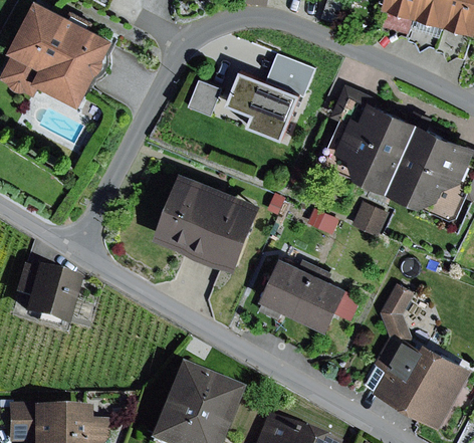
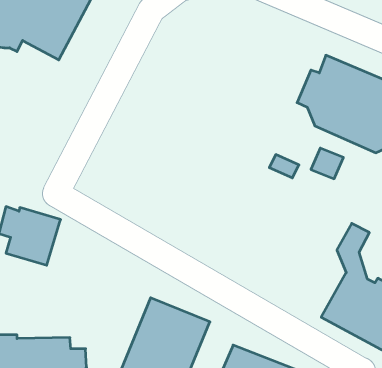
building: [226,57,313,143] -> none
building: [186,81,221,119] -> none
building: [153,174,261,273] -> none
building: [259,260,346,335] -> none

